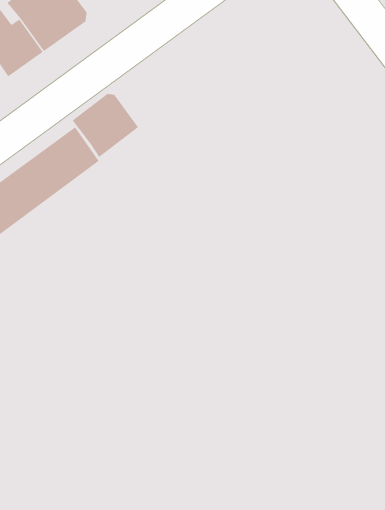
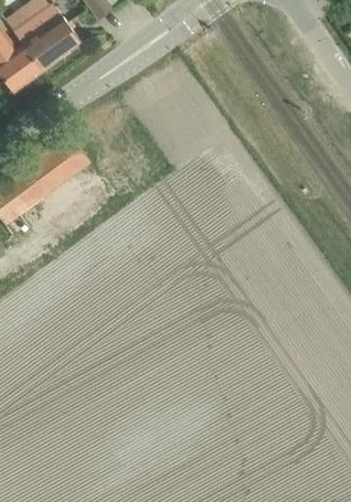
building: [72,93,139,158] -> none

